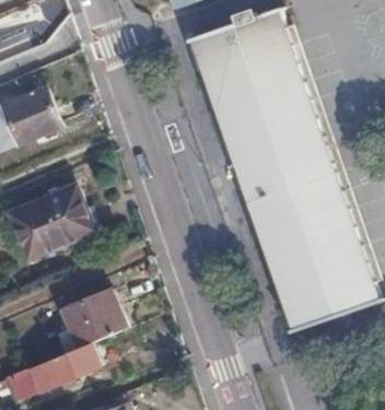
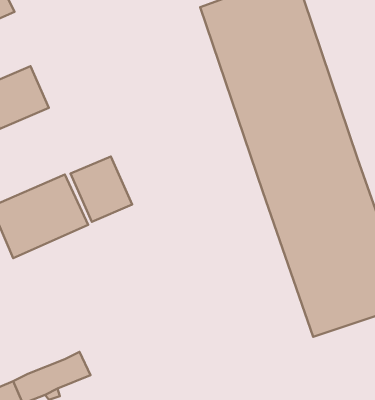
building: none -> [71,157,132,222]
building: [60,289,125,349] -> none

